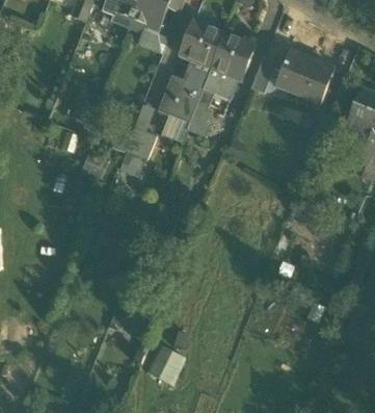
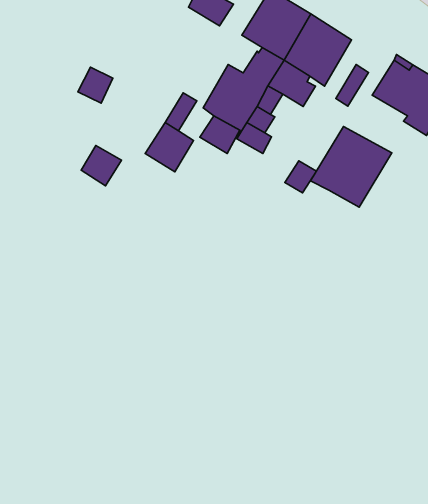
building: none -> [311,126,392,207]
building: [149,341,184,379] -> none

